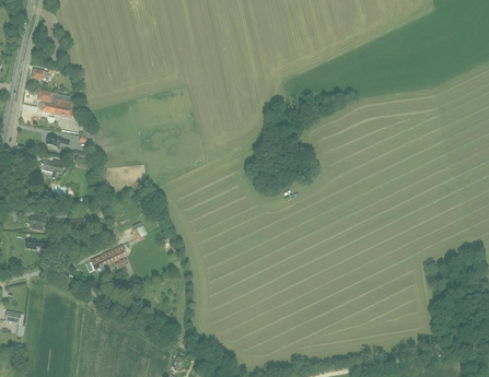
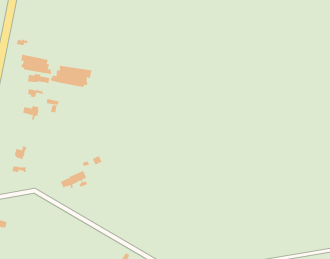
building: none -> [50,65,92,88]

